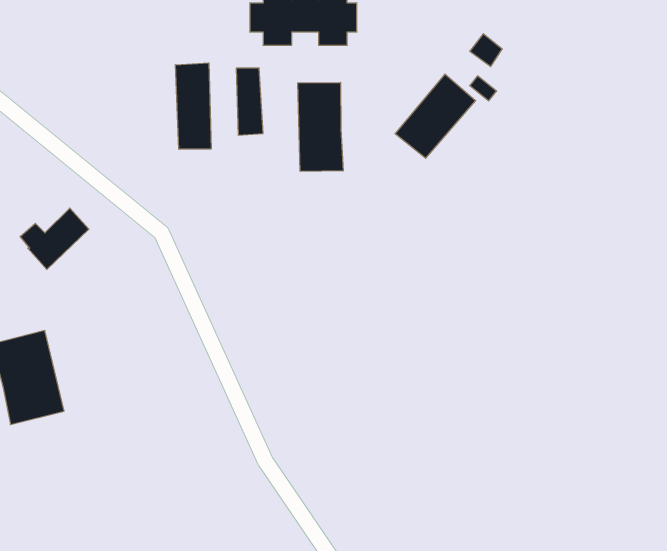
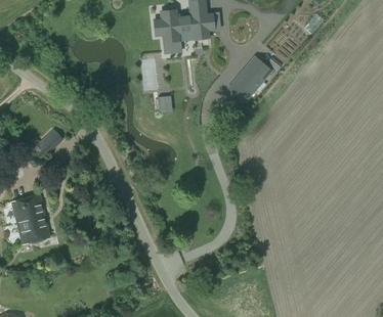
building: [175,63,211,149] -> none
building: [298,82,343,171] -> none

